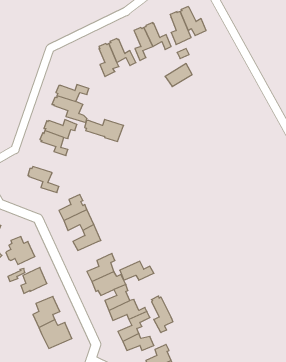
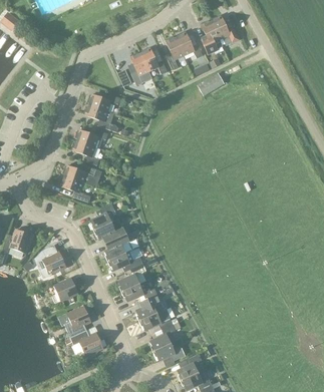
building: [85,119,124,141] -> [62,165,101,187]
building: [120,261,154,280] -> [108,252,142,271]
building: [151,296,173,333] -> none

